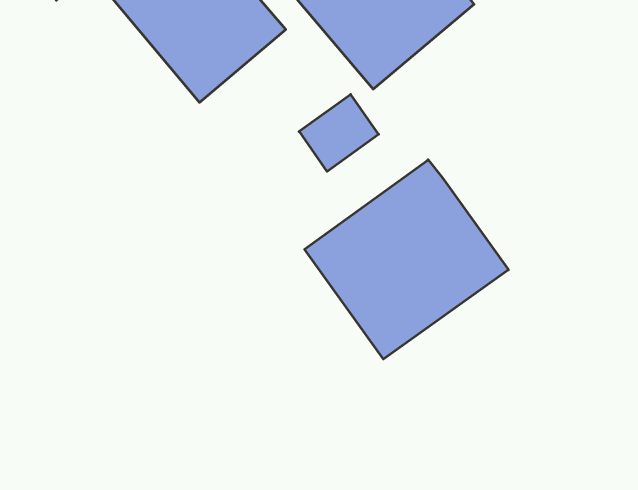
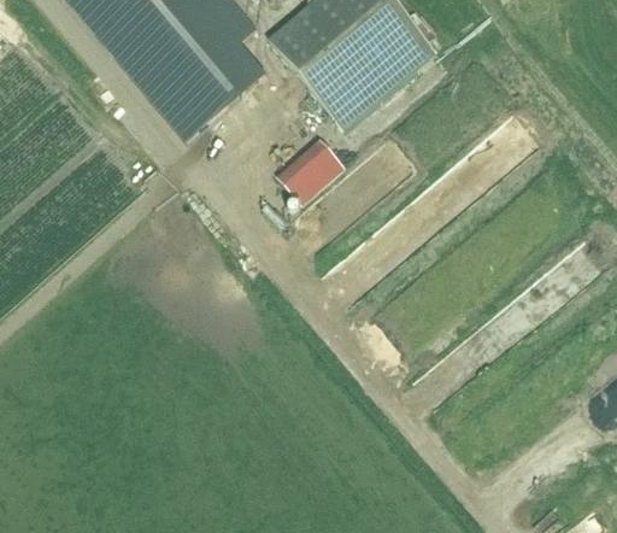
building: [305,160,508,359] -> none

